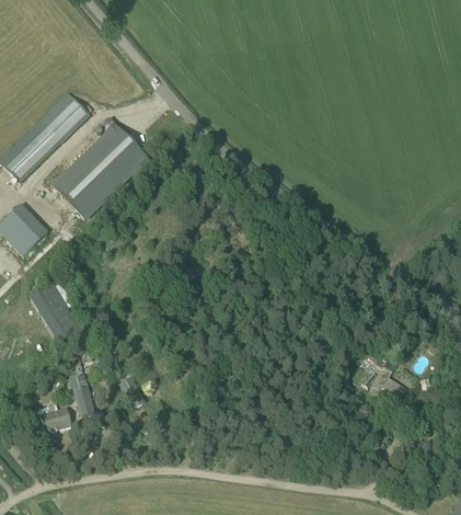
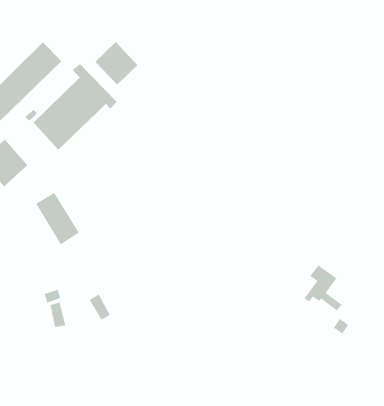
building: none -> [95,41,138,86]
building: [30,283,80,343] -> [35,192,80,246]
building: [38,403,70,432] -> none

